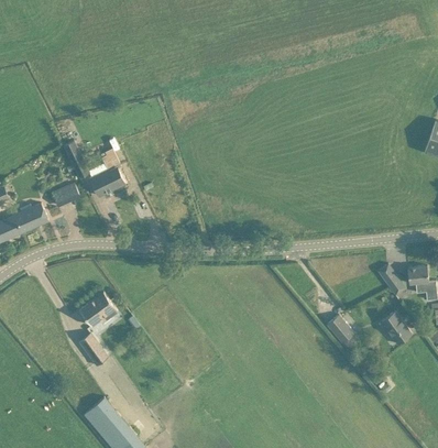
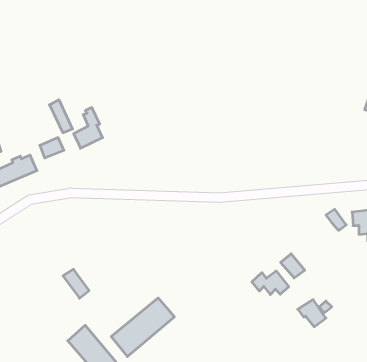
building: [80,293,119,327] -> none
building: [379,313,410,343] -> [298,300,326,327]
building: none -> [252,271,289,295]
building: none -> [111,298,174,357]

